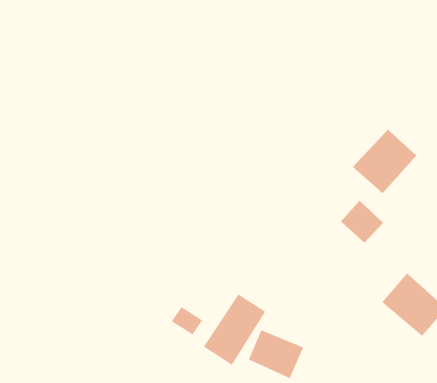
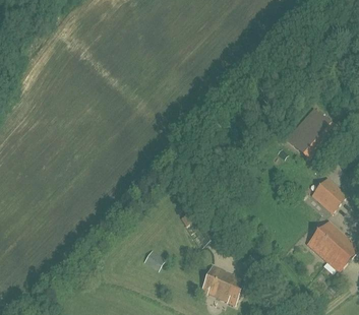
building: [340,200,384,243] -> [311,178,346,212]
building: [203,293,266,366] -> none

